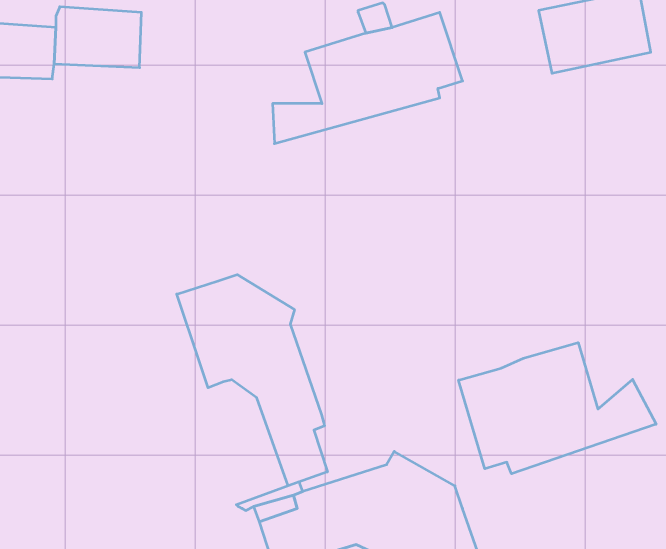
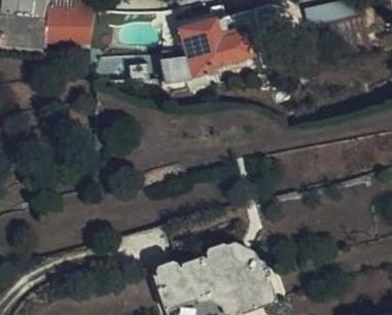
building: [177,275,327,486] -> none
building: [459,343,656,474] -> none

